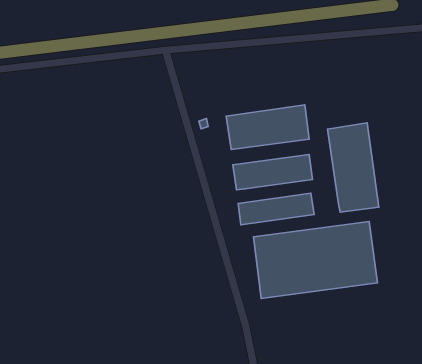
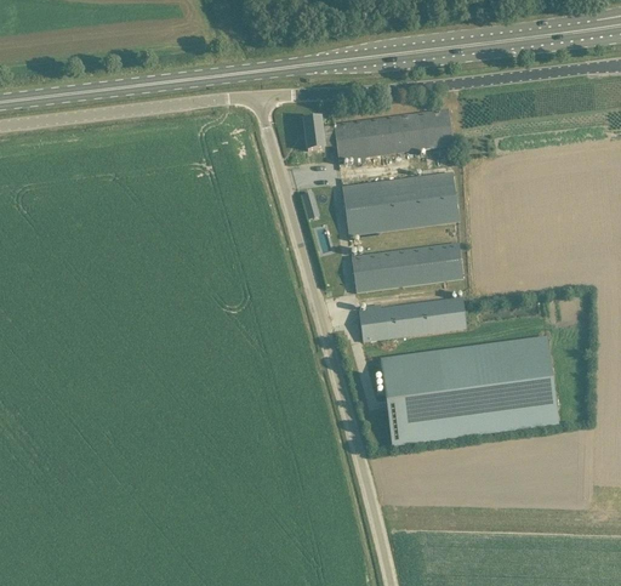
building: none -> [304,109,454,159]
building: [328,123,379,212] -> none

